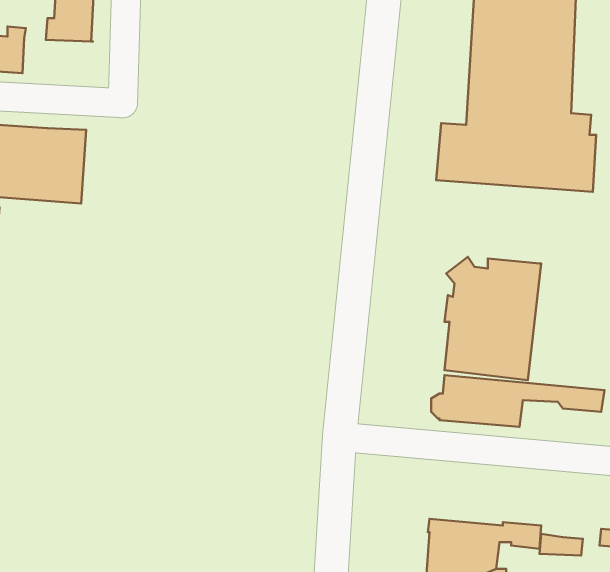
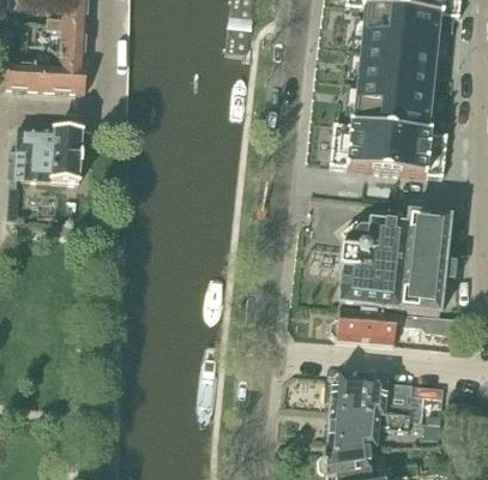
building: none -> [38,64,89,91]
building: none -> [402,214,452,313]
building: none -> [327,377,440,414]

